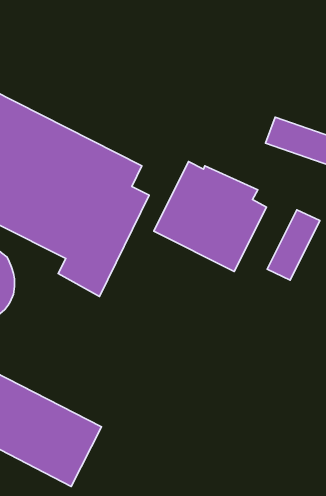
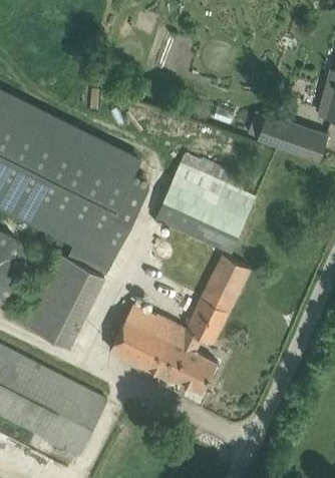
building: [267,210,320,280] -> none
building: none -> [108,256,249,394]
building: none -> [17,257,104,350]

